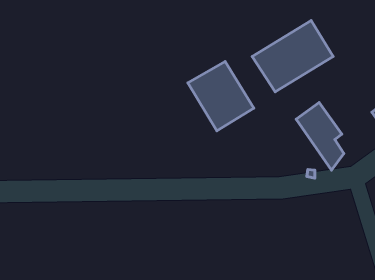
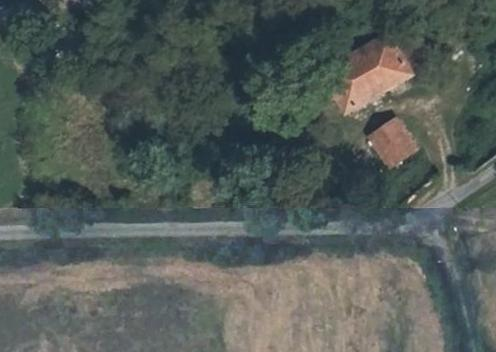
building: [188,61,254,131] -> none

